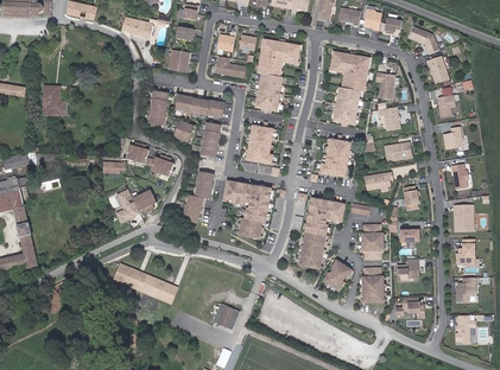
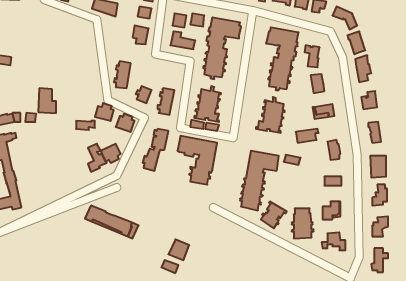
building: [43,85,64,115] -> [38,88,56,113]
building: [176,95,223,119] -> none
building: [361,223,384,260] -> none

